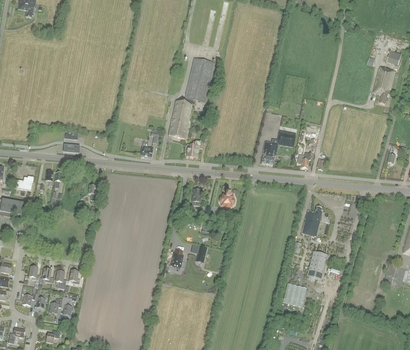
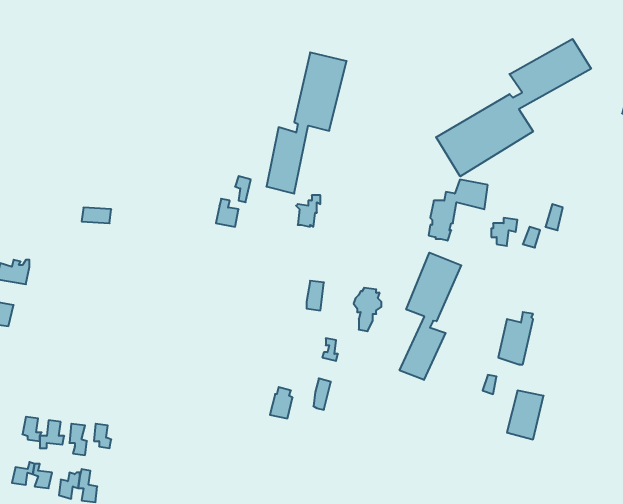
building: none -> [436,39,591,176]
building: none -> [400,253,461,380]

